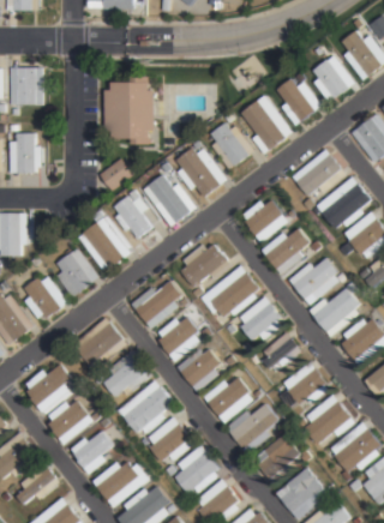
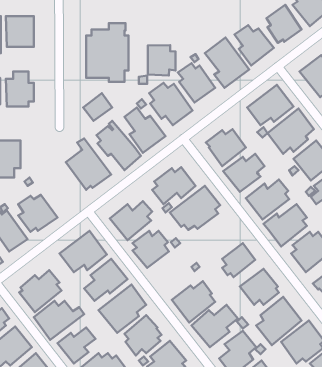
building: none -> [148,45,176,75]
building: [55,247,98,296] -> none
building: [238,296,284,342] -> none
building: [178,349,221,392] -> none

